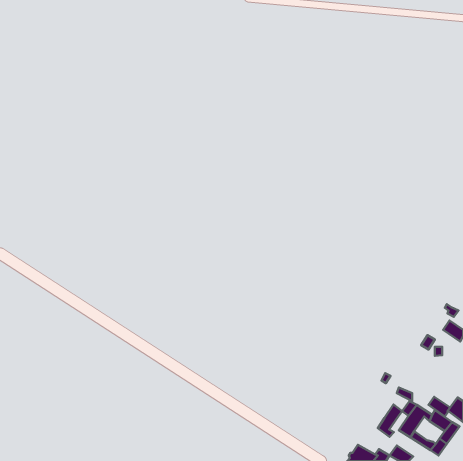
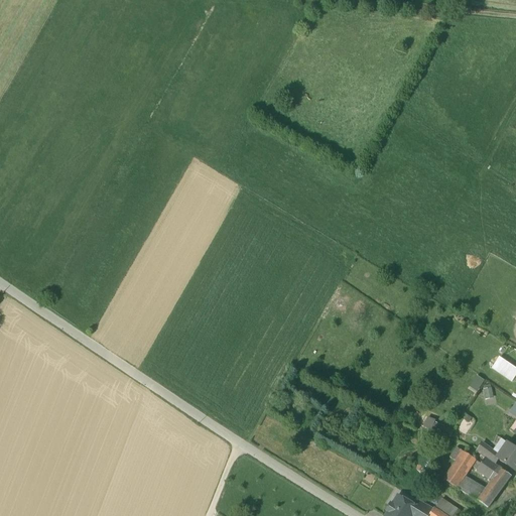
building: [378,404,402,437] -> none

